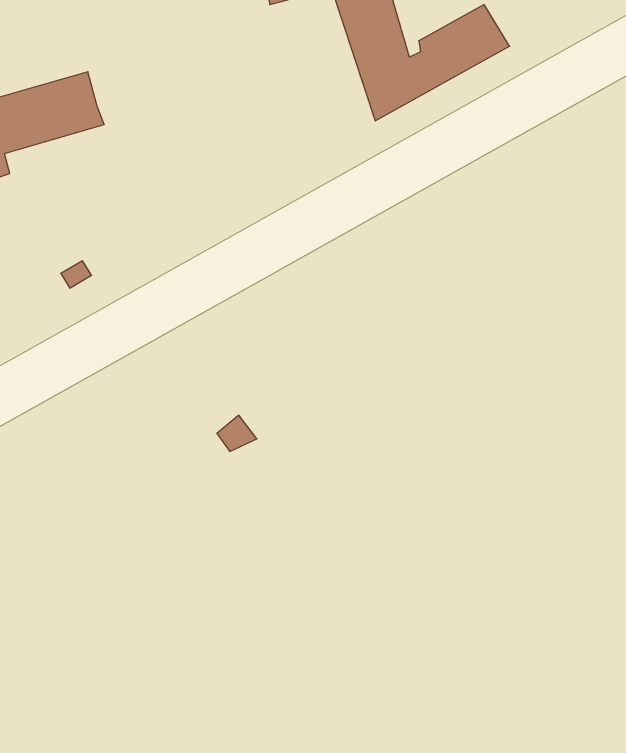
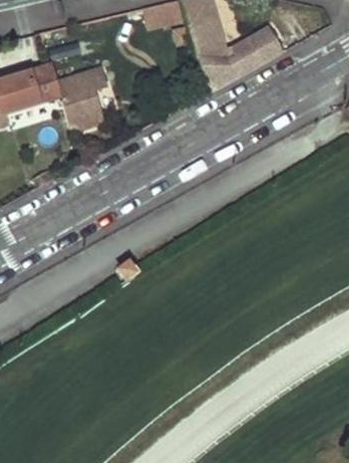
building: none -> [55,67,108,133]

